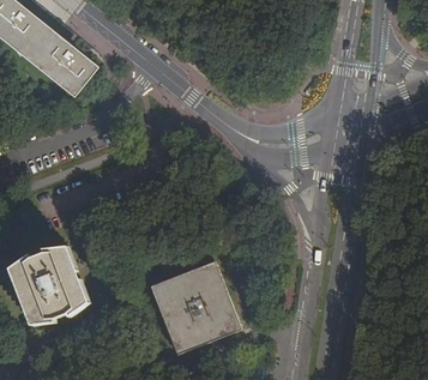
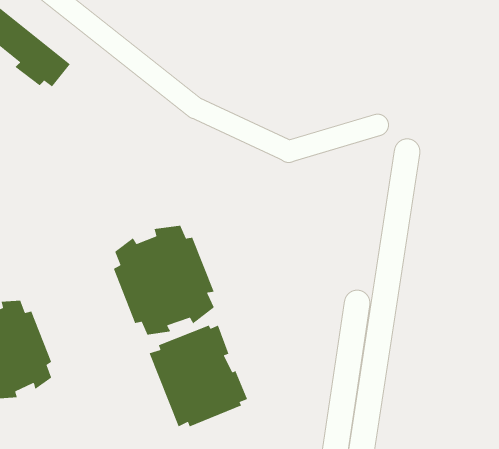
building: none -> [113,225,215,336]

